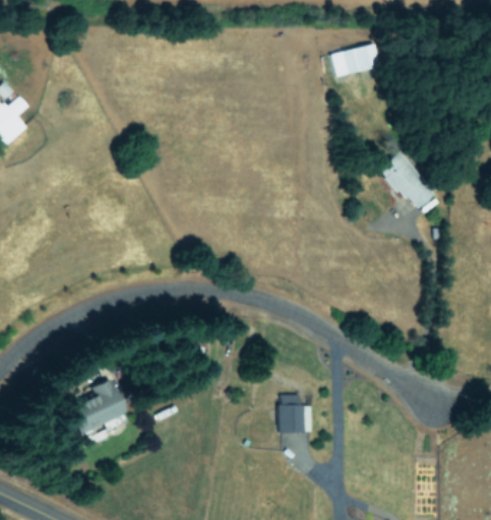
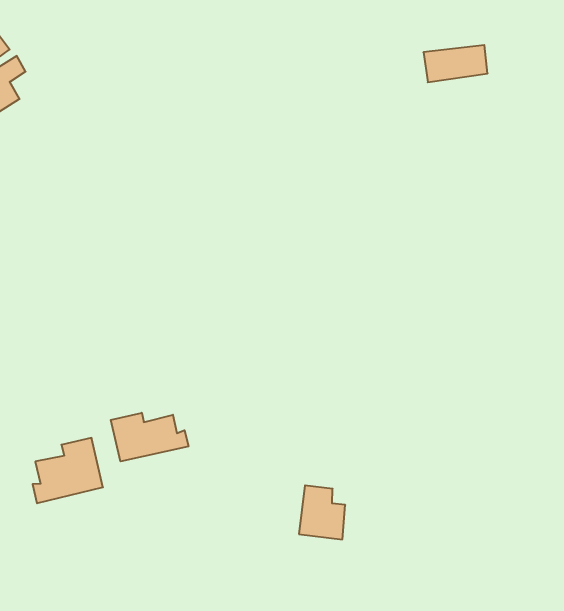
building: [380,151,435,211] -> none
building: none -> [111,413,188,461]

